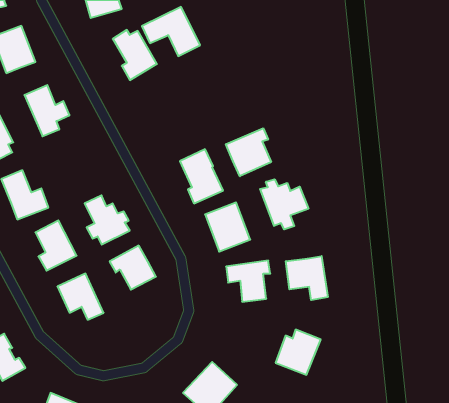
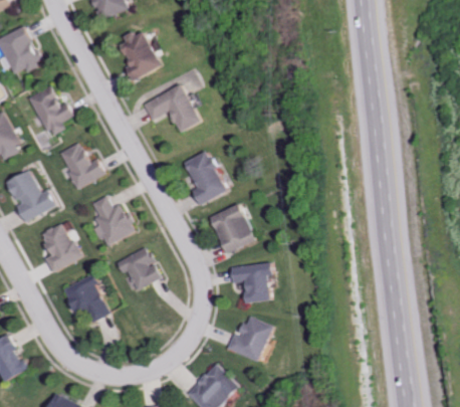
building: [142,7,200,56] -> [143,83,201,133]
building: [226,128,271,176] -> none
building: none -> [57,142,104,188]
building: [260,179,308,229] -> none
building: [286,256,328,300] -> none
building: [276,330,321,375] -> [228,316,273,361]

